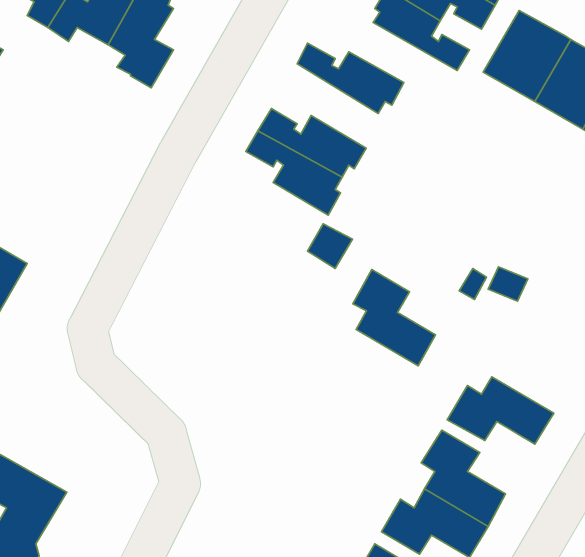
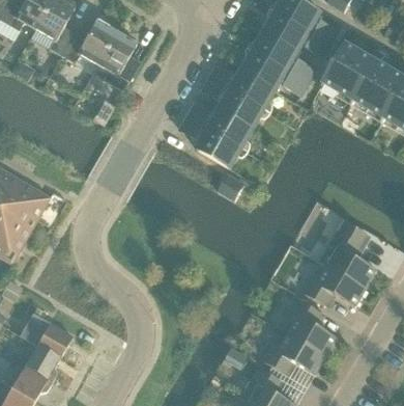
building: none -> [242,52,308,94]
building: none -> [203,77,260,128]
building: [353,269,435,366] -> [326,229,376,288]

